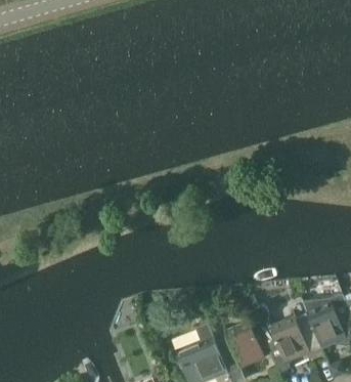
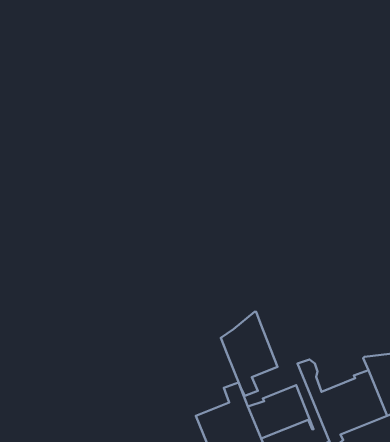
building: none -> [221,312,278,396]

